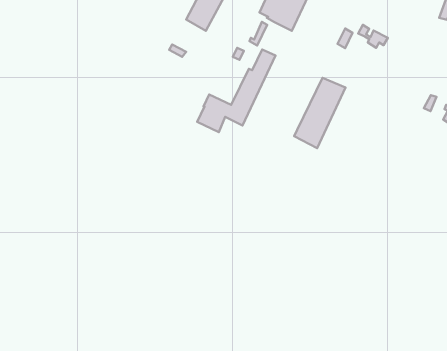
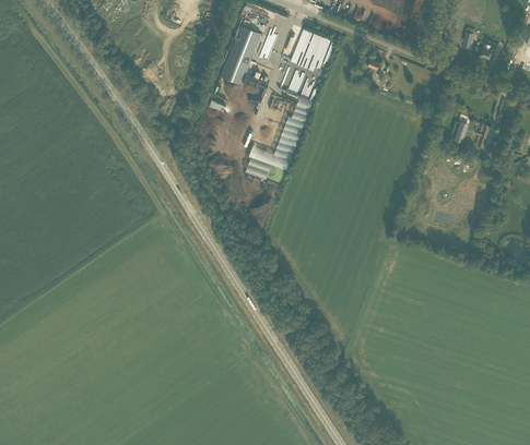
building: [294,78,346,148] -> none

